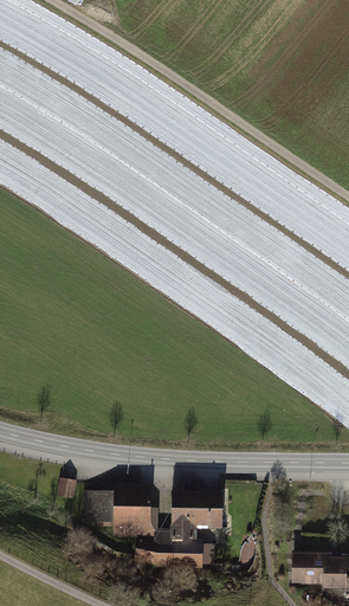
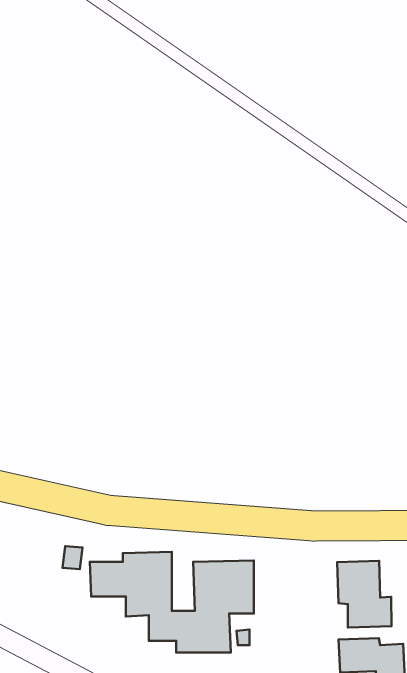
building: none -> [337,561,392,627]

